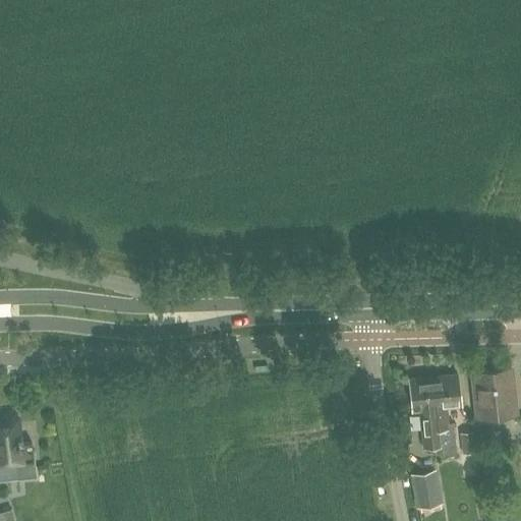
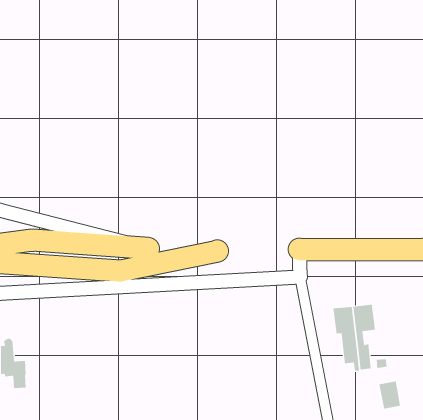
building: [473,372,516,420] -> none
building: [413,474,441,509] -> [378,381,401,409]

